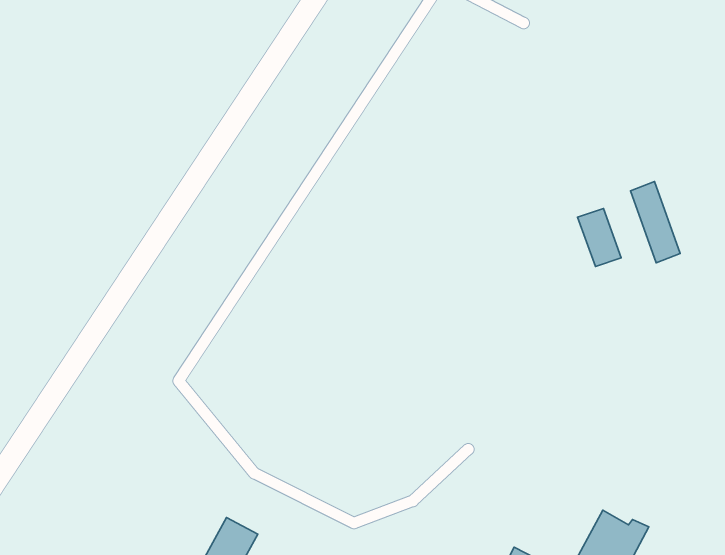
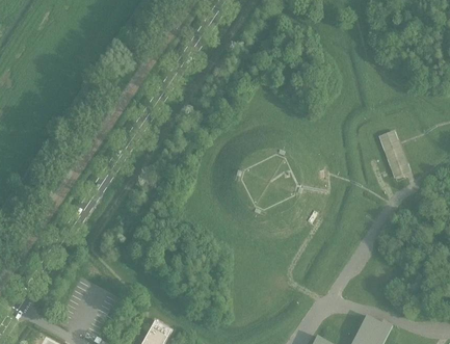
building: [578,208,621,267] -> none

